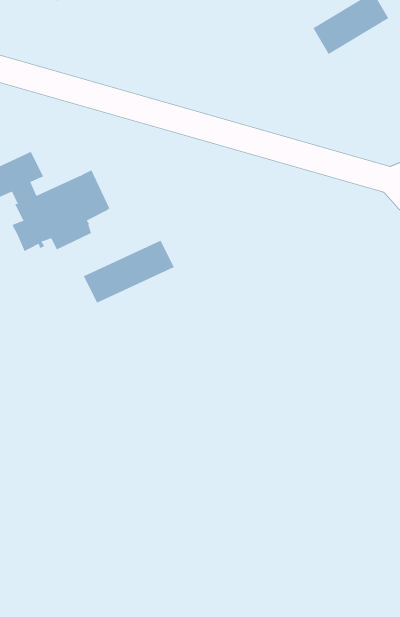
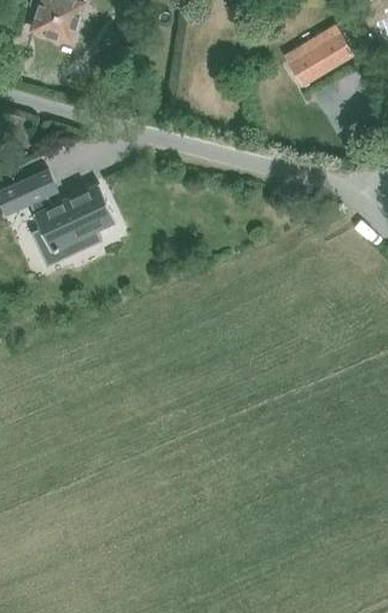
building: [83,240,174,304] -> none

